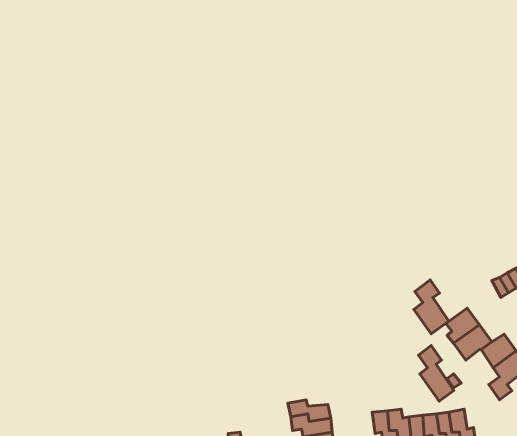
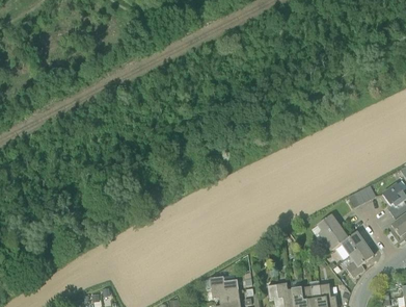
building: [414,280,449,334] -> none
building: [418,346,454,401] -> none

